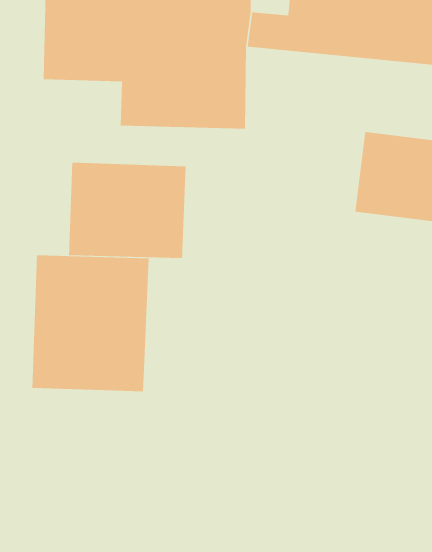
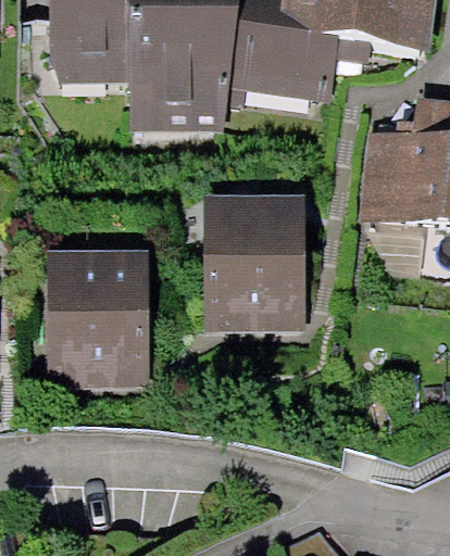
building: [68,162,186,259] -> none
building: none -> [205,206,302,332]

